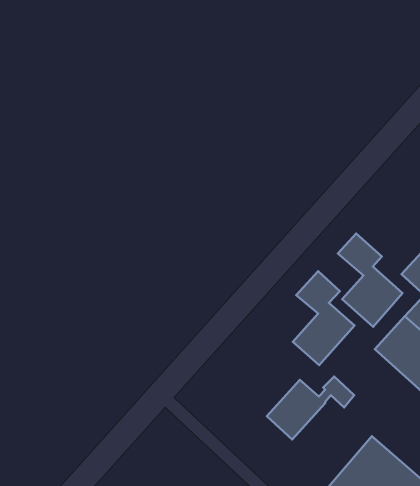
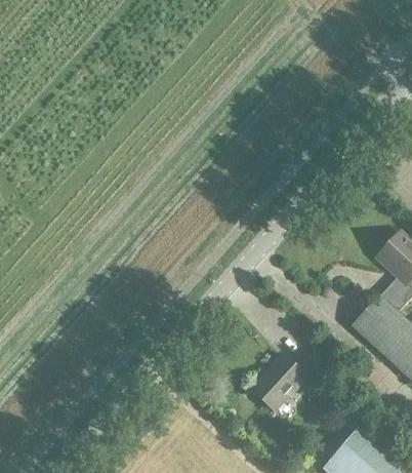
building: [338,233,403,327] -> none
building: [293,271,354,365] -> none

